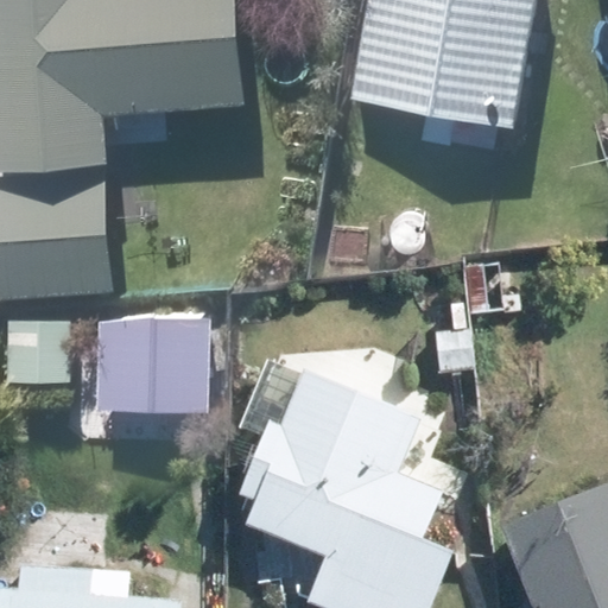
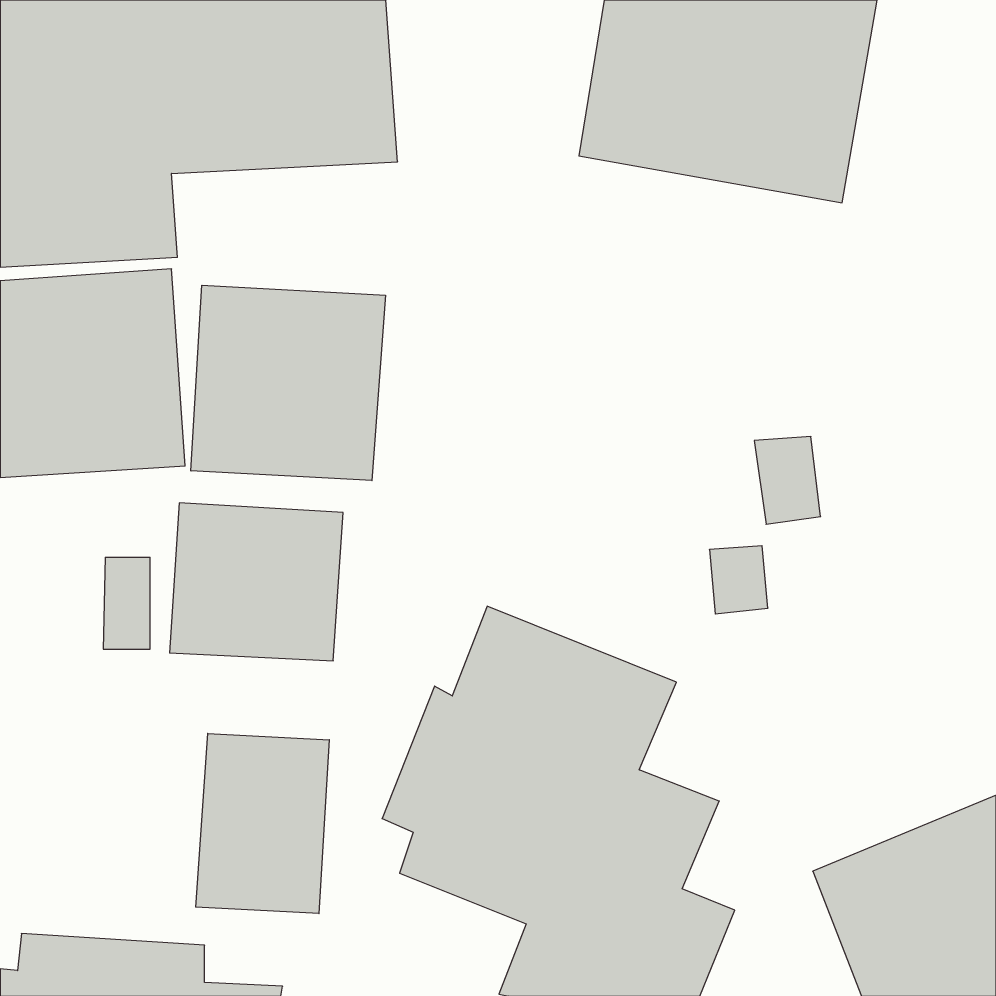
building: none -> [191,285,385,481]
building: none -> [196,733,329,914]

